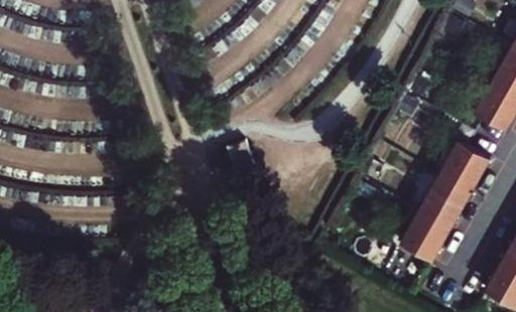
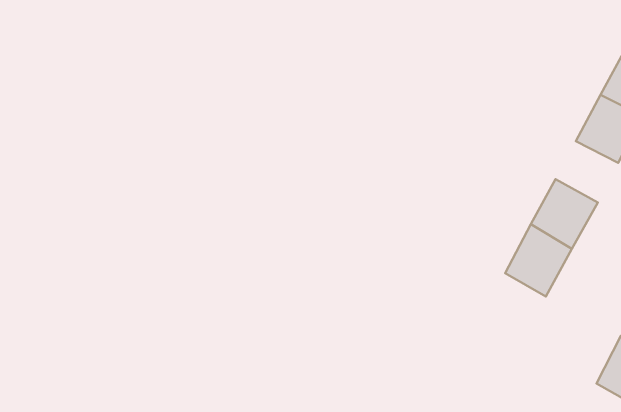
building: [405,208,454,258] -> none

